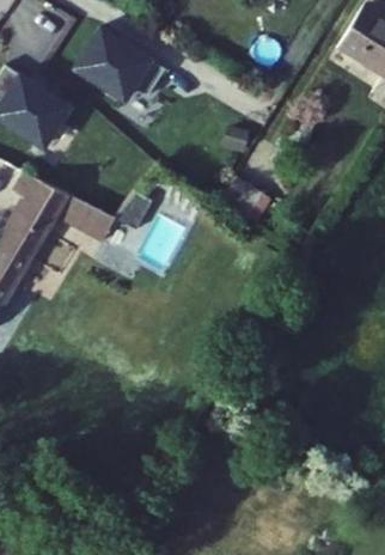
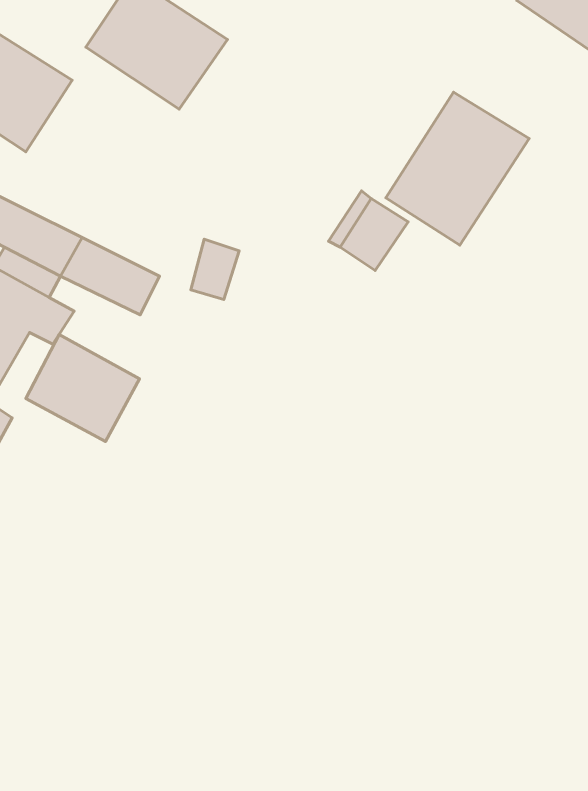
building: none -> [386,92,529,245]
building: none -> [26,334,140,442]

